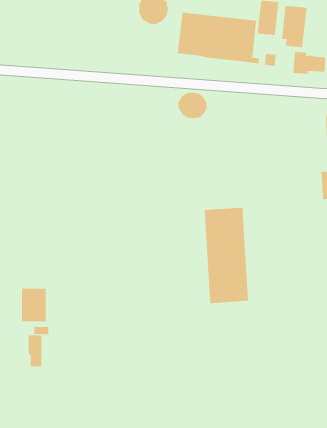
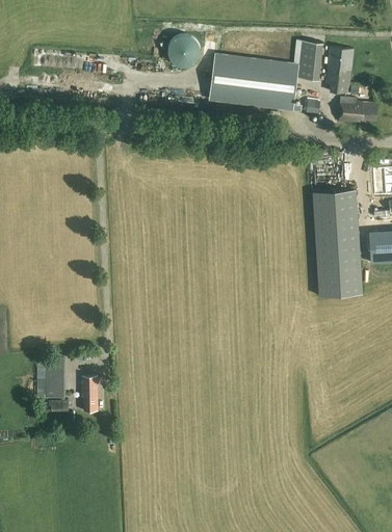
building: [178,92,207,119] -> none
building: [204,207,249,304] -> [312,189,362,296]
building: [28,335,42,367] -> [81,376,97,411]

